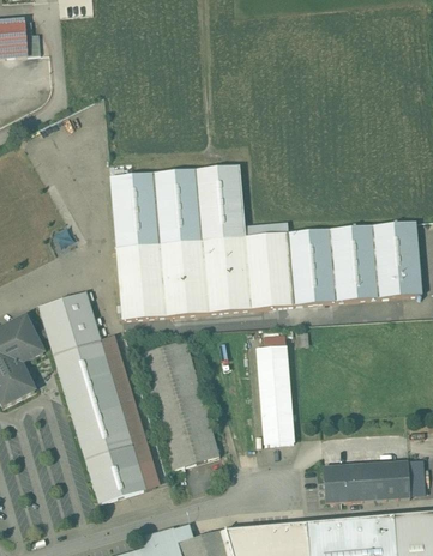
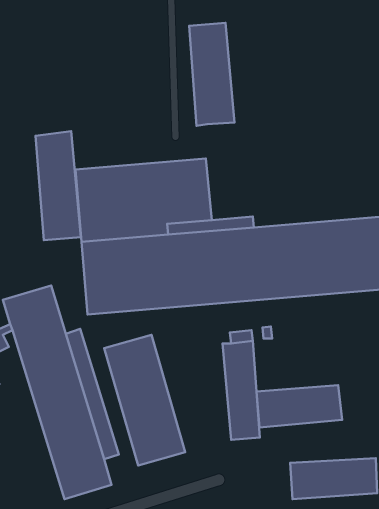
building: none -> [189,23,234,126]
building: none -> [36,131,81,240]
building: none -> [257,385,342,427]

